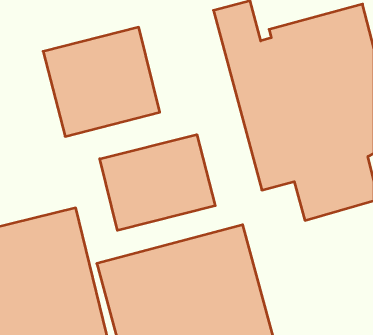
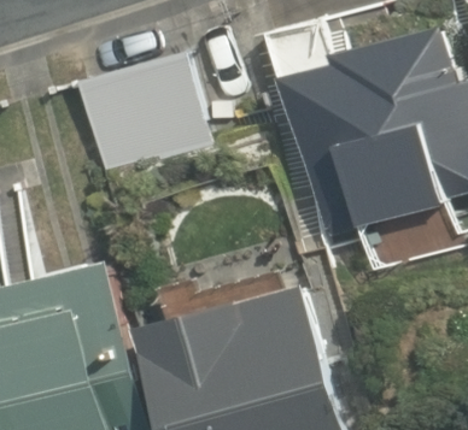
building: [100,135,215,230] -> none

